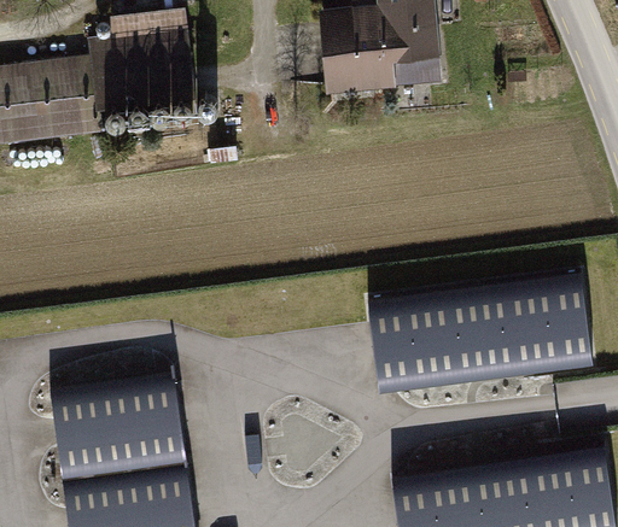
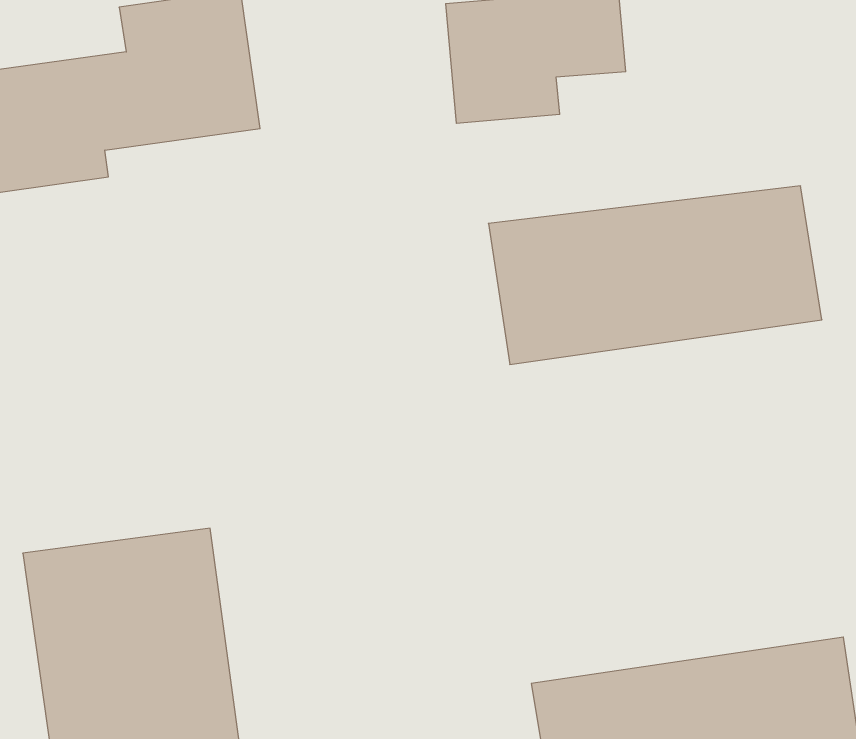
building: [366,274,591,394] -> [488,186,822,364]

